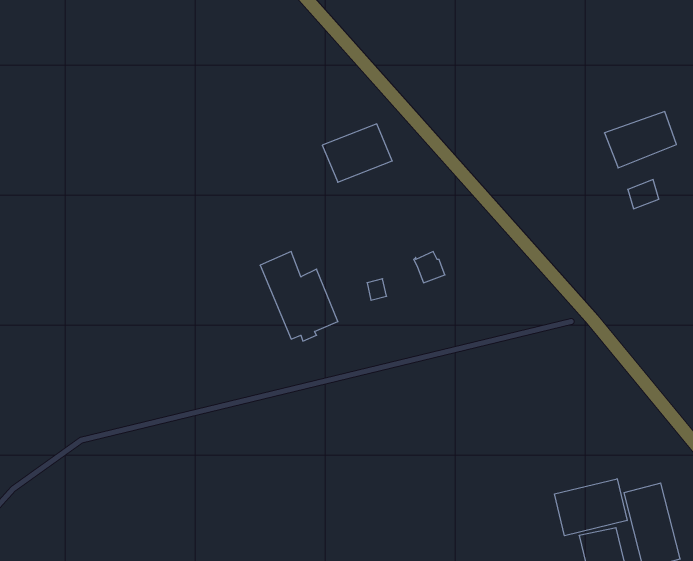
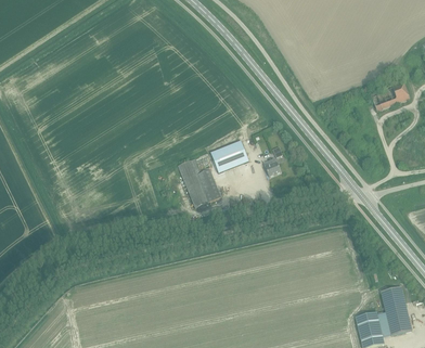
building: [322,124,392,182] -> [210,140,249,172]
building: [555,479,627,536] -> none

